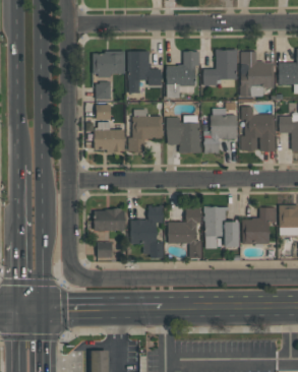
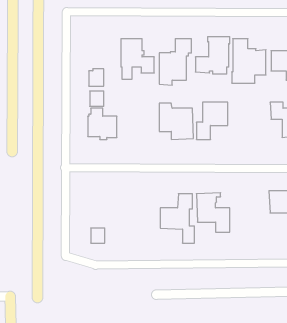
building: [93,51,125,77] -> none
building: [241,106,275,151] -> none
building: [128,109,164,150] -> none
building: [130,205,164,257] -> none
building: [241,205,276,244] -> none
building: [94,208,124,230] -> none

